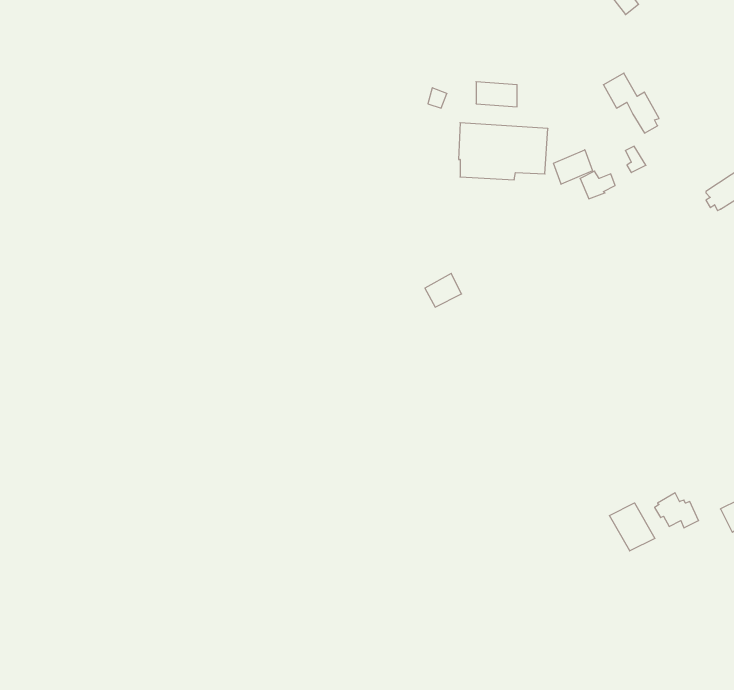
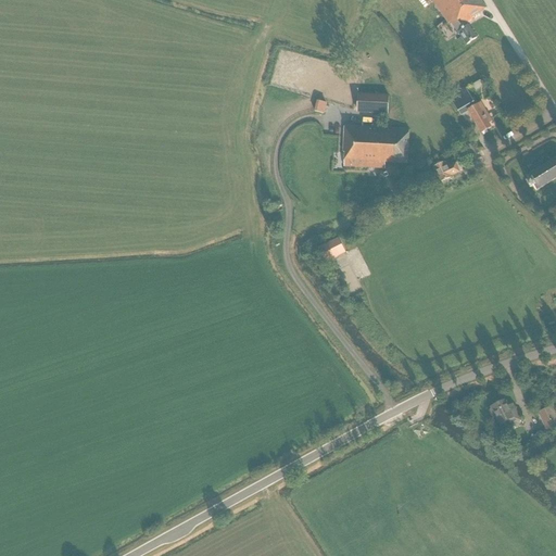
building: [553,150,592,184] -> none
building: [609,503,655,551] -> none

